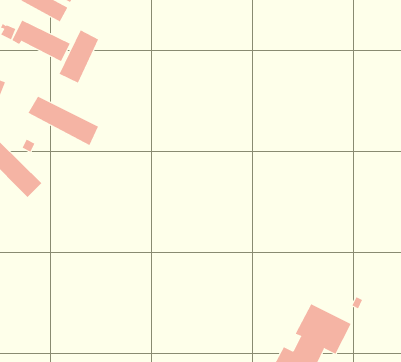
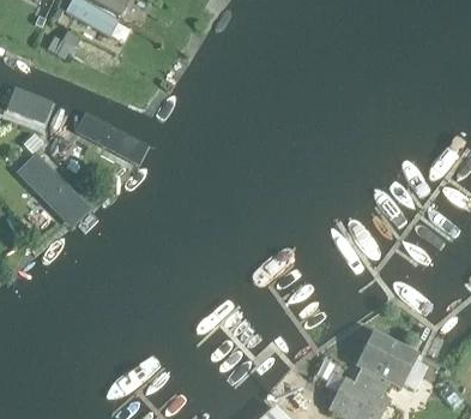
building: [59,30,99,83] -> none

